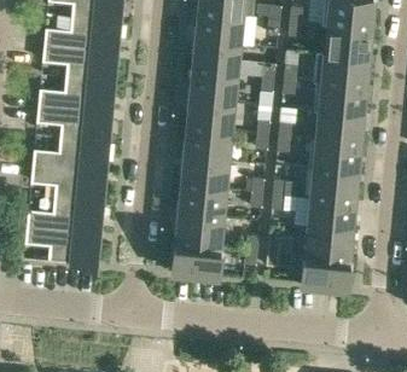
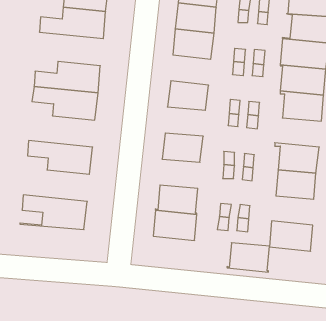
building: [42,46,116,83] -> none
building: [191,71,236,105] -> none
building: [185,129,229,162] -> none
building: [33,139,106,174] -> none
building: [307,141,359,174] -> none
building: [179,187,223,220] -> none
building: [27,199,100,234] -> none
building: [303,228,350,261] -> [227,243,269,272]

